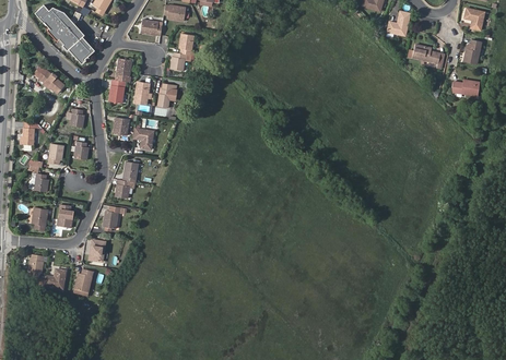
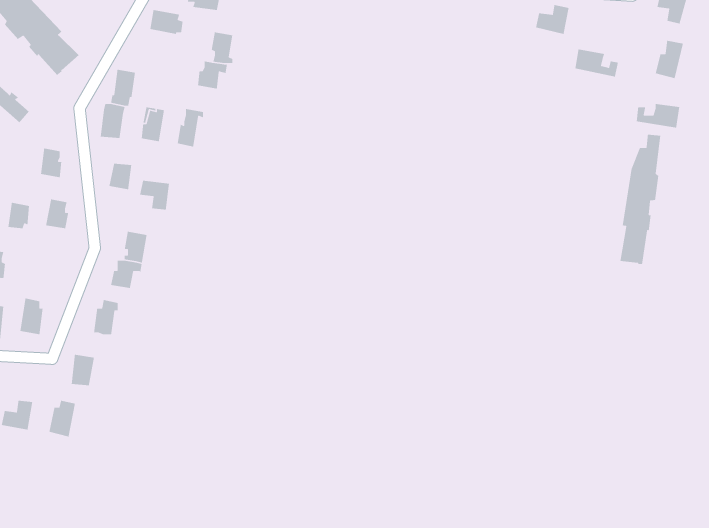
building: none -> [620,134,661,265]

